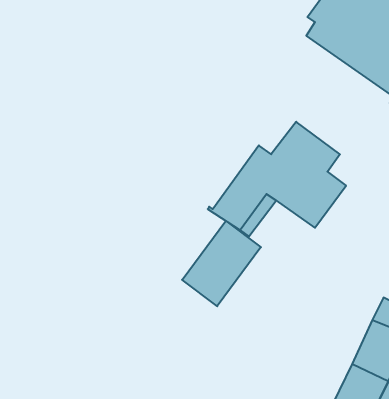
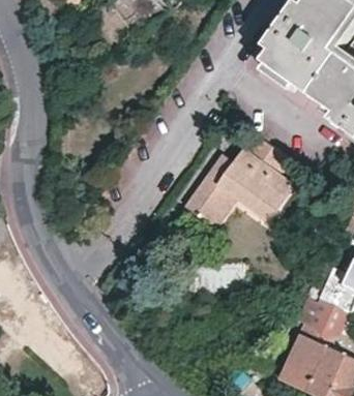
building: [182,221,261,306] -> none

